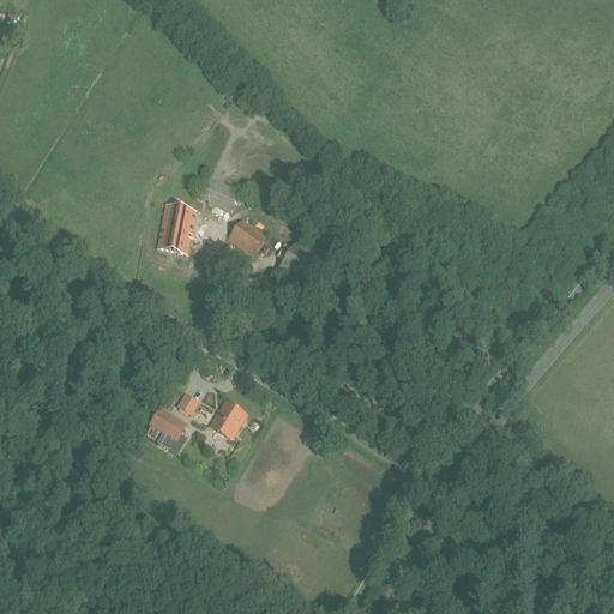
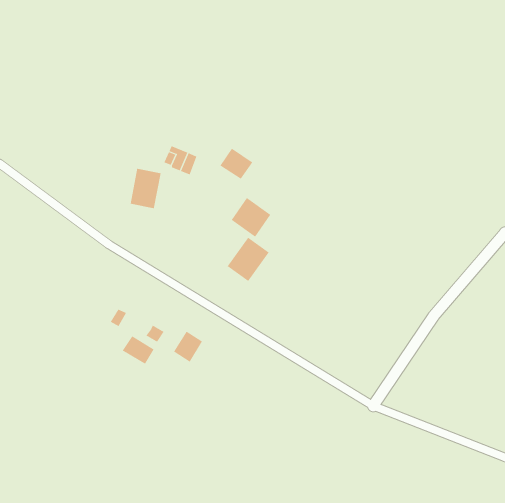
building: [227,218,267,257] -> [220,148,253,179]
building: none -> [227,237,270,282]

